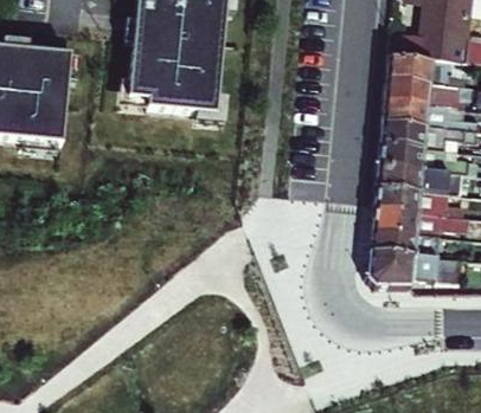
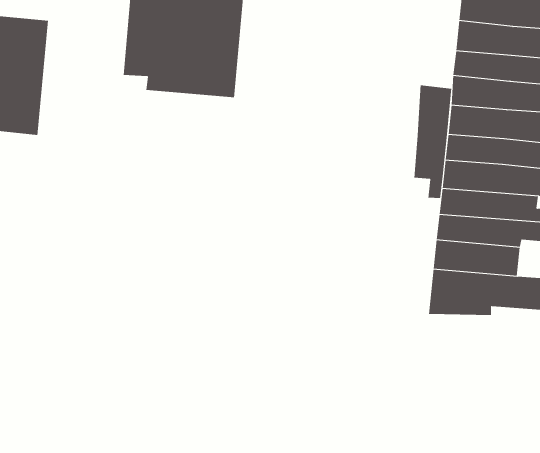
building: none -> [414,85,452,199]

